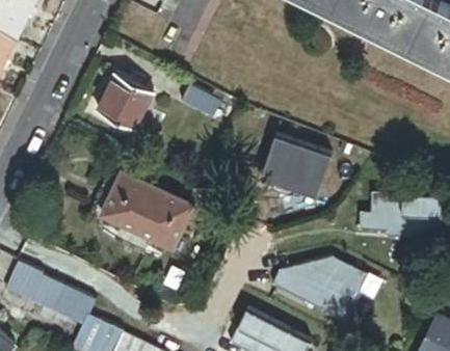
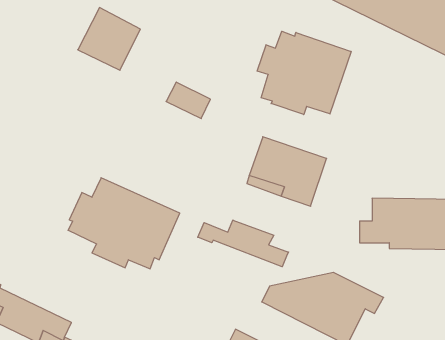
building: none -> [257,31,351,115]
building: [96,73,153,130] -> [78,8,140,70]
building: none -> [198,220,289,267]

